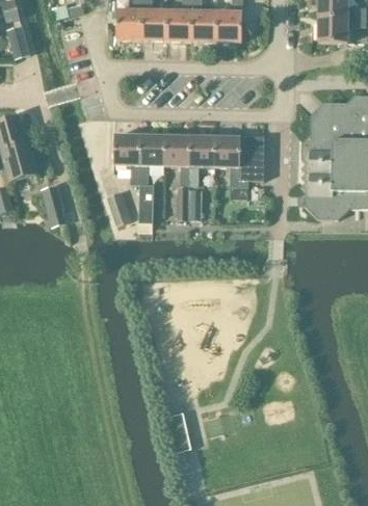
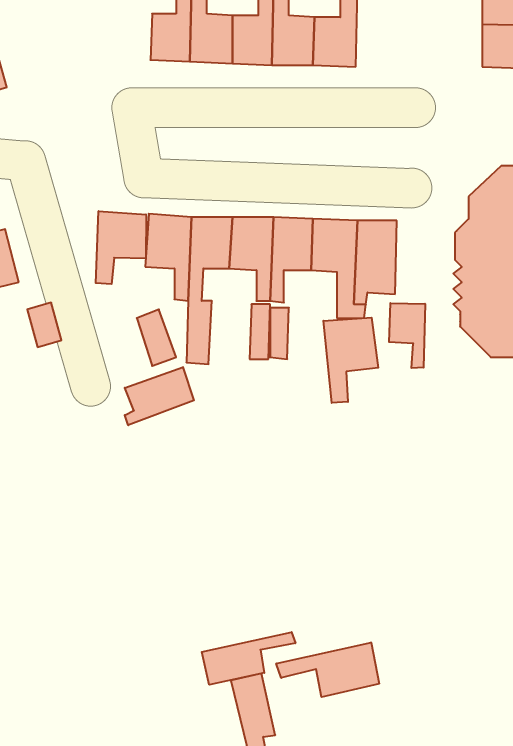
building: none -> [96,211,146,284]
building: none -> [389,303,425,368]
building: none -> [323,318,378,403]
building: none -> [125,367,194,425]
building: none -> [202,632,295,685]
building: none -> [276,642,379,697]

